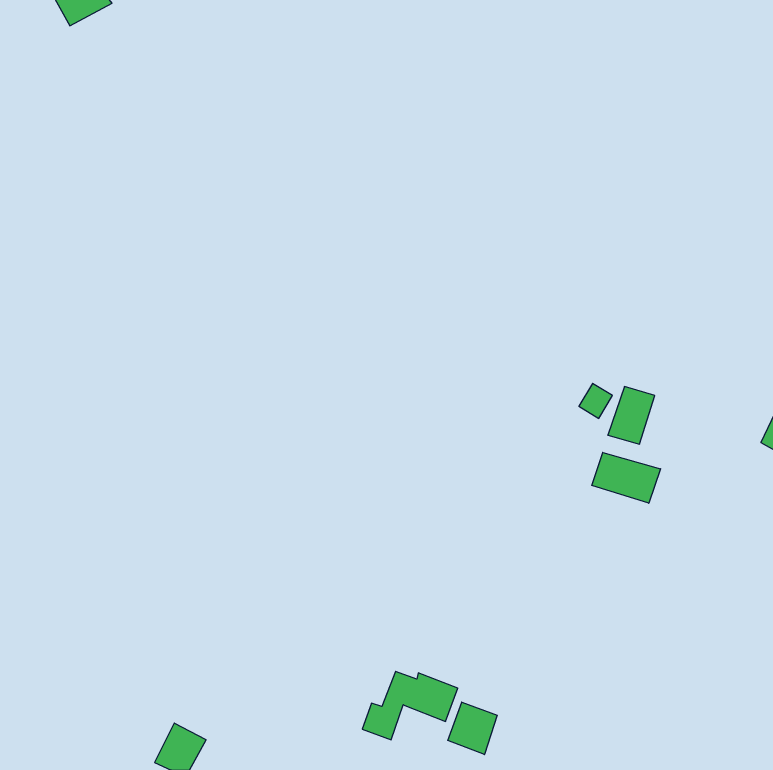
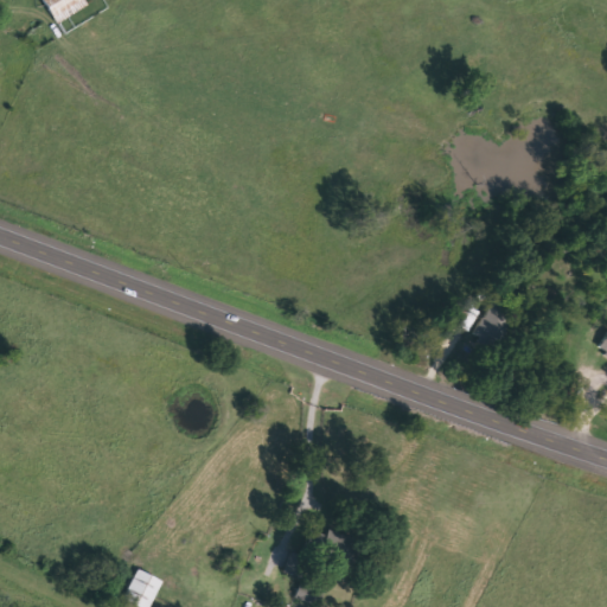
building: [592,452,661,503] -> none
building: [448,702,497,755] -> none

